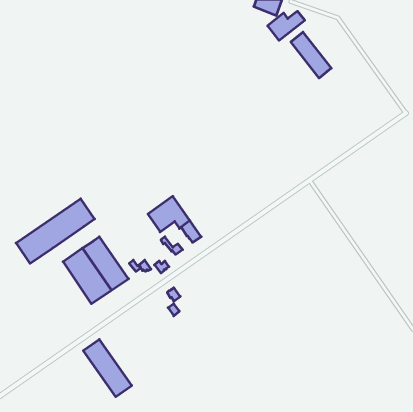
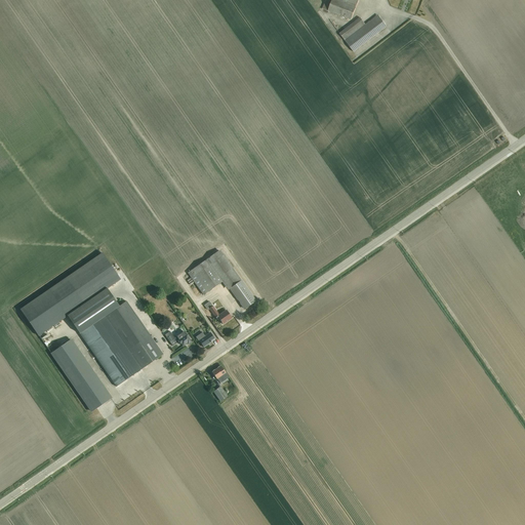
building: [291,32,331,78] -> none
building: none -> [67,287,119,332]
building: [83,339,132,397] -> [50,338,112,411]

